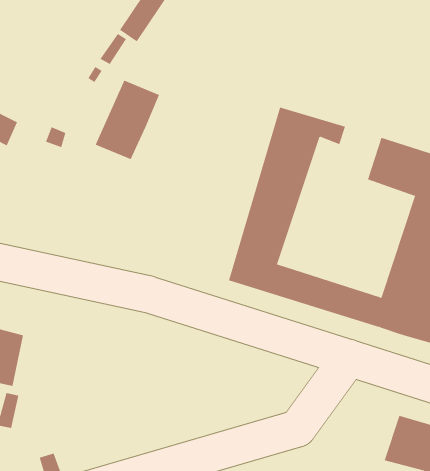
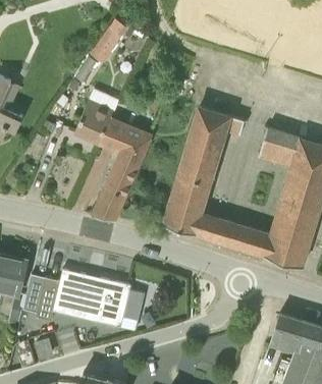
building: none -> [92,121,150,221]
building: none -> [23,270,145,328]

